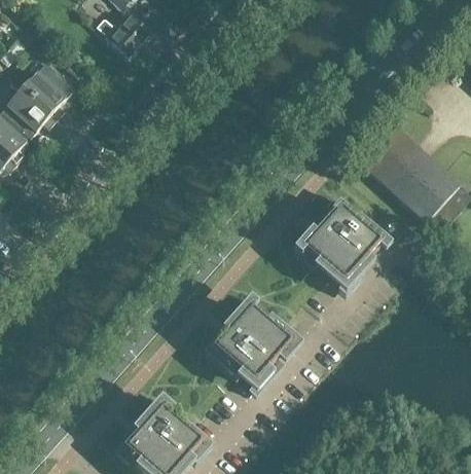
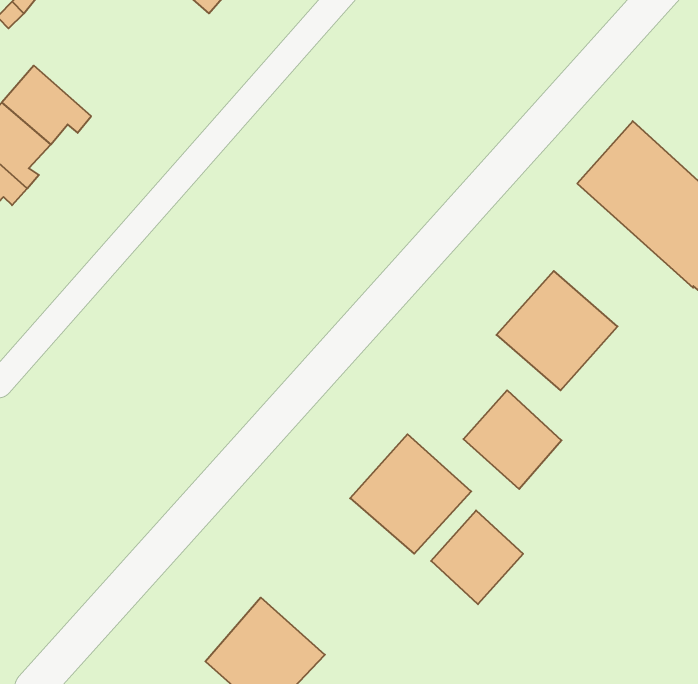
building: [22,60,74,116] -> none
building: none -> [463,390,562,489]
building: none -> [431,510,523,604]

